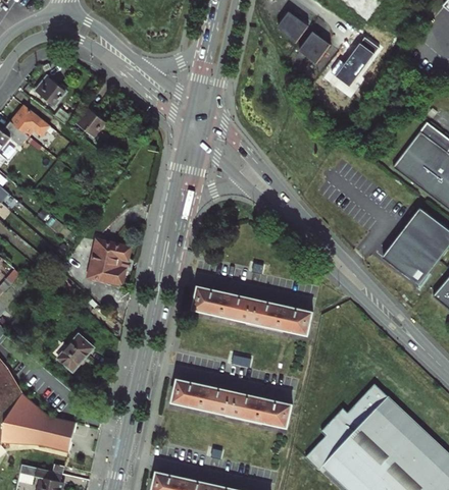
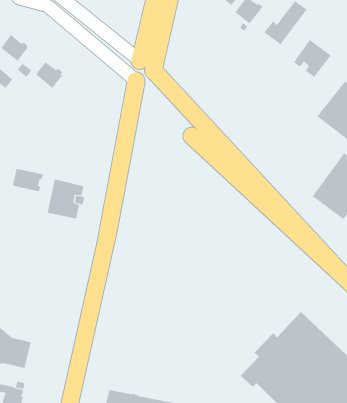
building: none -> [293,39,331,78]
building: none -> [12,168,44,192]
building: [195,287,314,335] -> none
building: [60,335,94,370] -> none
building: [173,379,293,427] -> none

